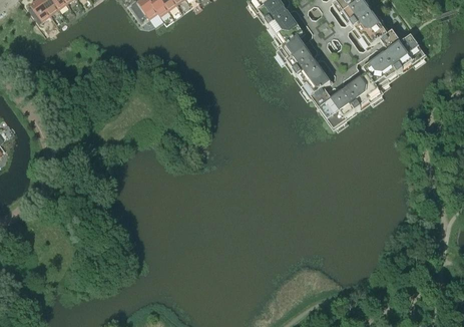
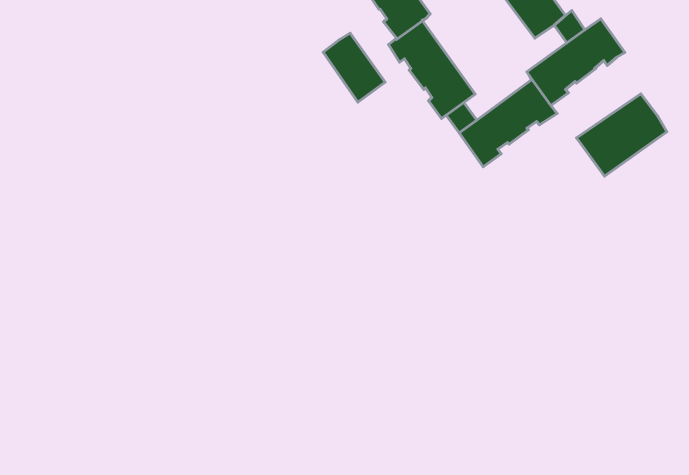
building: none -> [323,33,385,102]
building: none -> [577,94,667,176]

